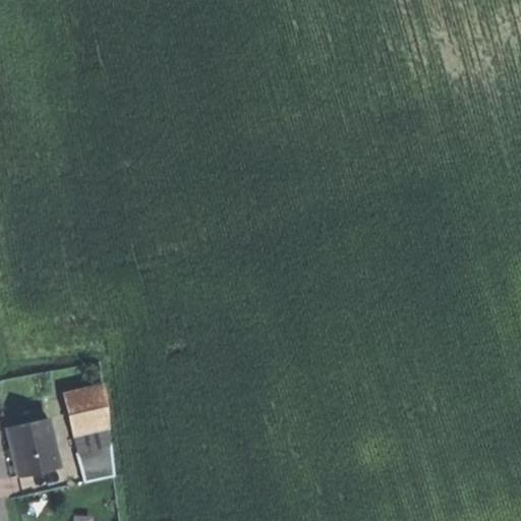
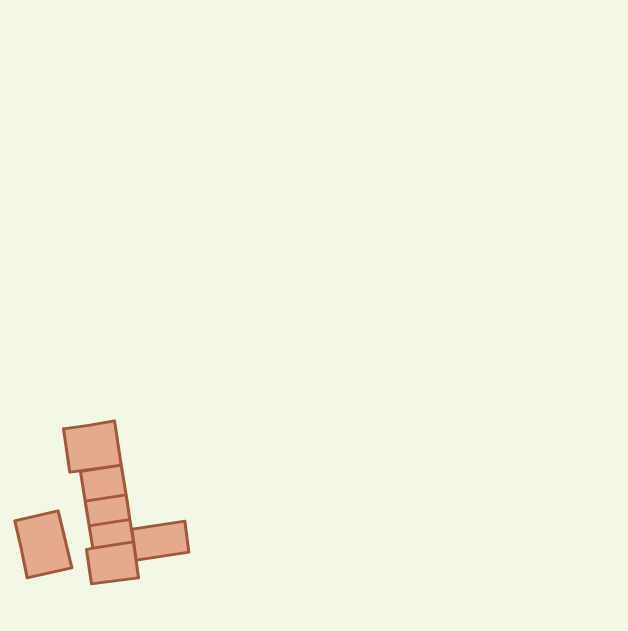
building: none -> [63,421,121,472]
building: none -> [132,521,189,560]

